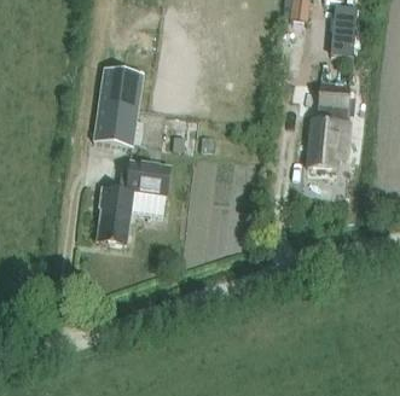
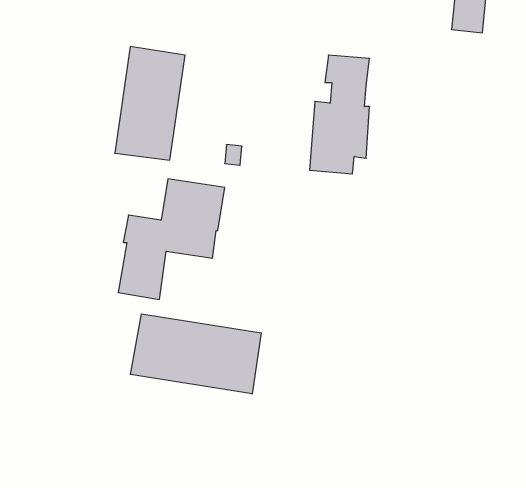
building: [306,83,348,167] -> [310,55,370,174]
building: none -> [131,314,261,394]

